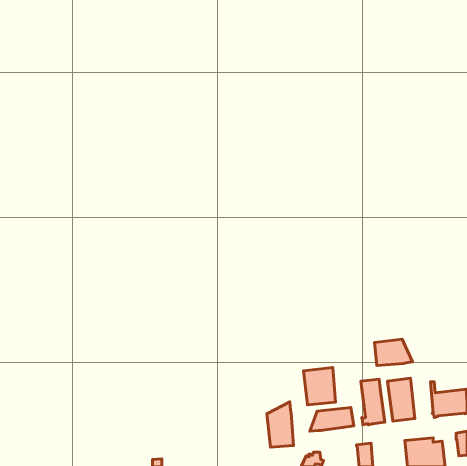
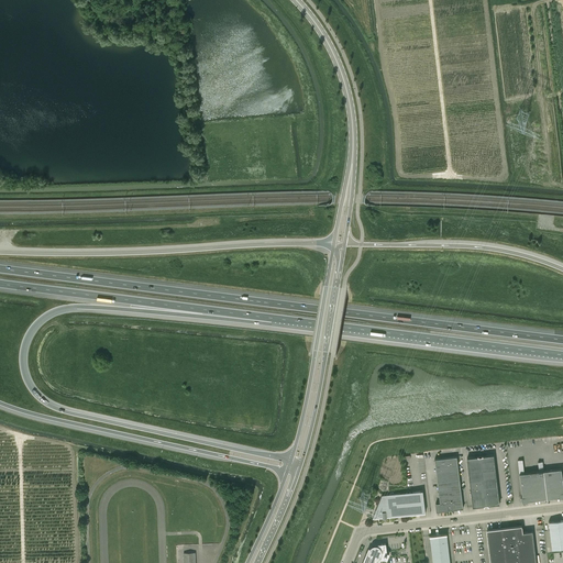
building: [375,339,413,365] -> none
building: [303,368,336,405] -> none
building: [267,402,294,447] -> none

